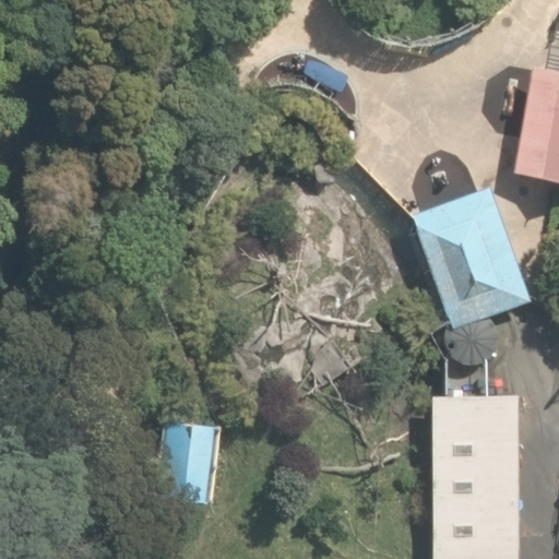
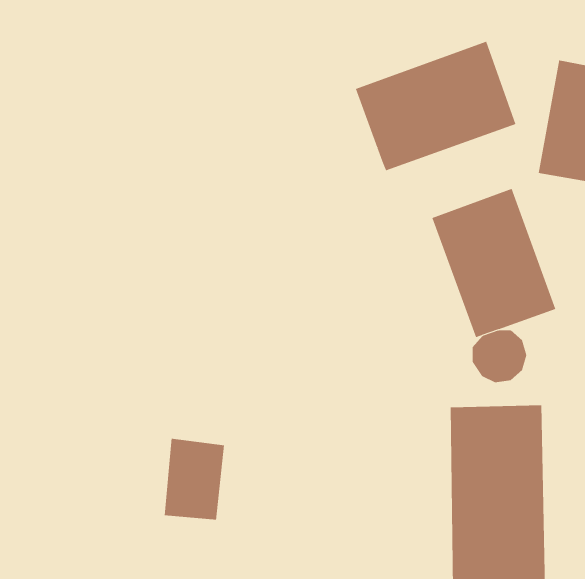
building: none -> [355,41,516,171]

